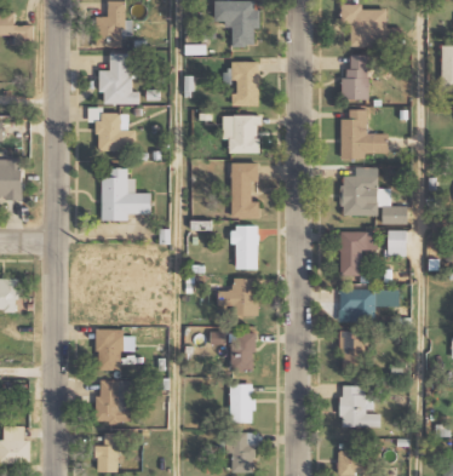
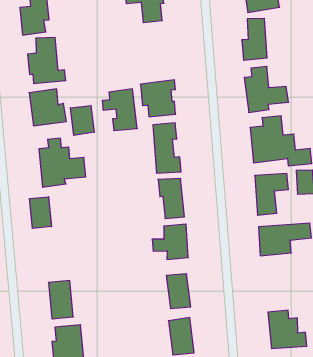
building: [222,61,258,105] -> [102,89,137,131]
building: none -> [70,105,94,135]
building: none -> [30,197,51,228]
building: [339,331,362,367] -> none

